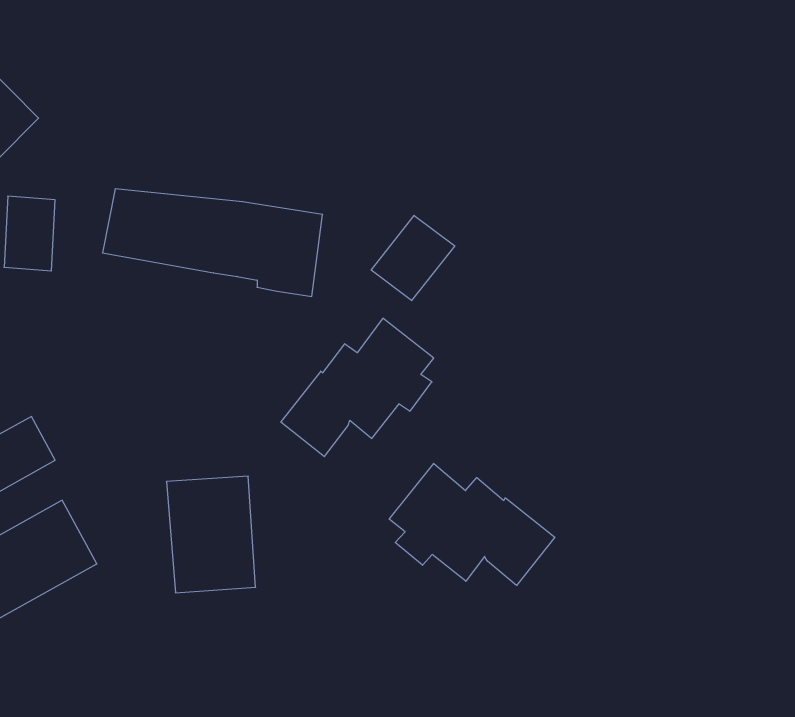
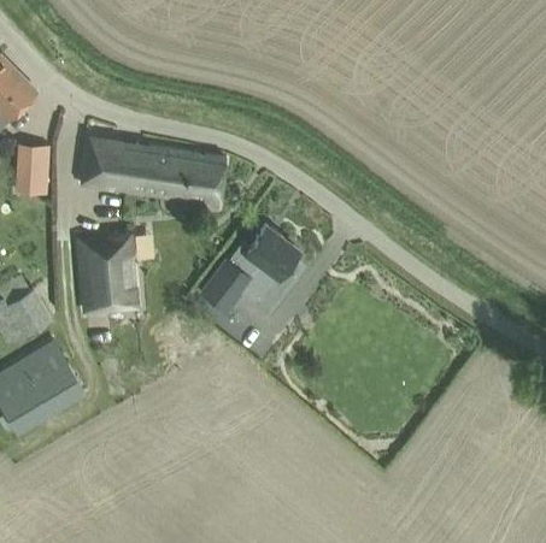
building: [371,215,455,301] -> none
building: [389,463,555,585] -> none
building: [166,476,256,593] -> [75,231,134,308]

